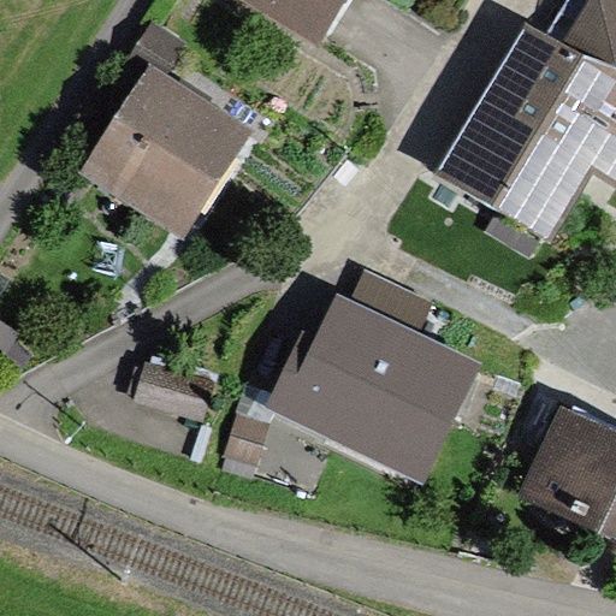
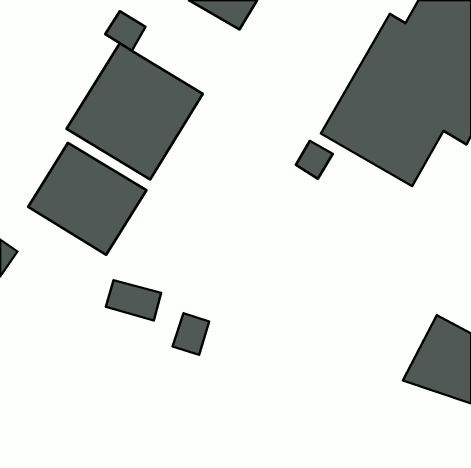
building: none -> [28,143,146,255]
building: [274,307,449,463] -> none

